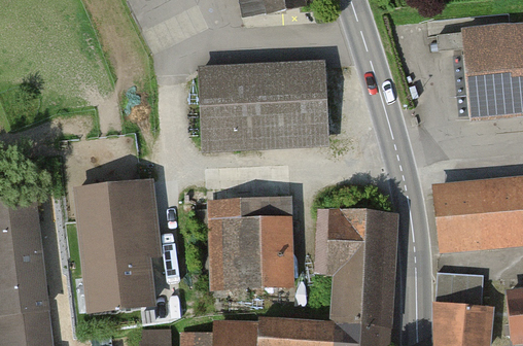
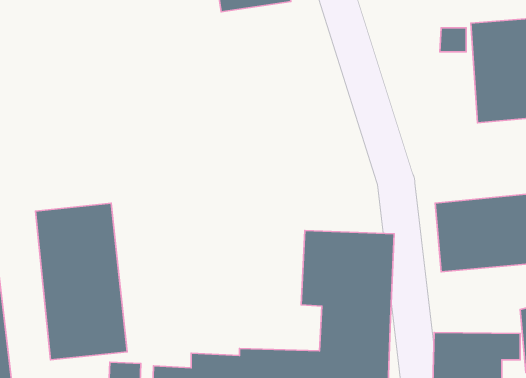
building: [200,57,329,139] -> none
building: [209,196,295,287] -> none
building: [435,270,484,296] -> none

